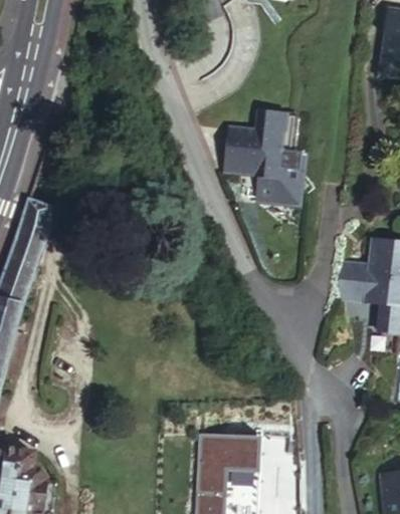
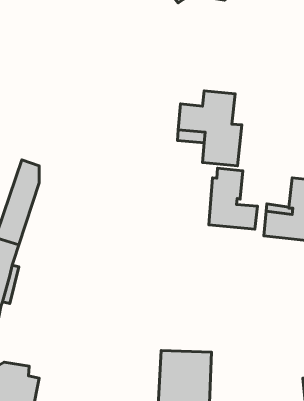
building: none -> [209,168,257,229]

